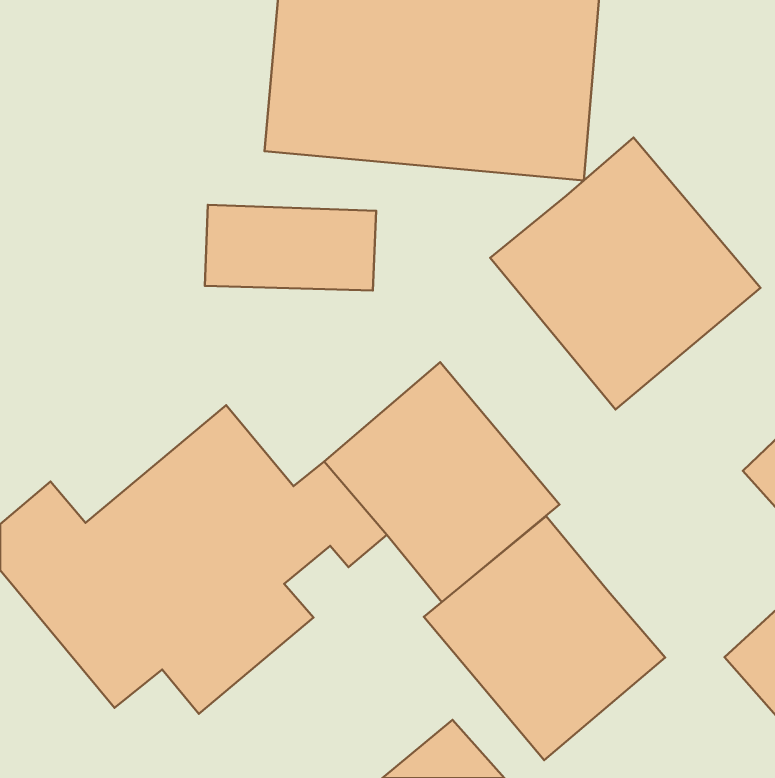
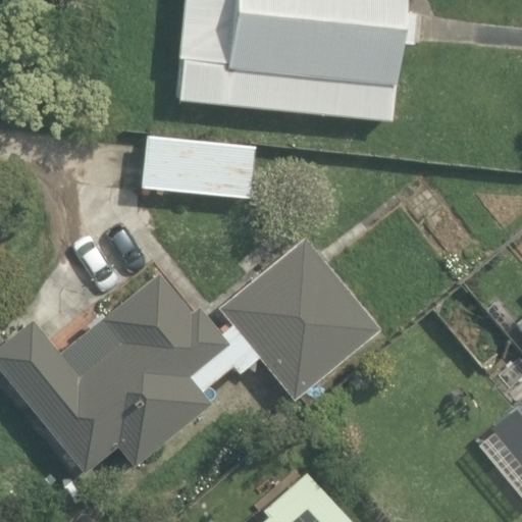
building: [490,138,760,409] -> none
building: [424,516,665,760] -> none

